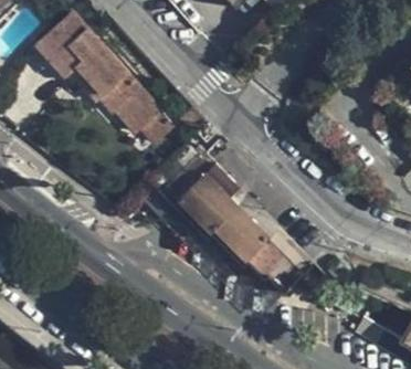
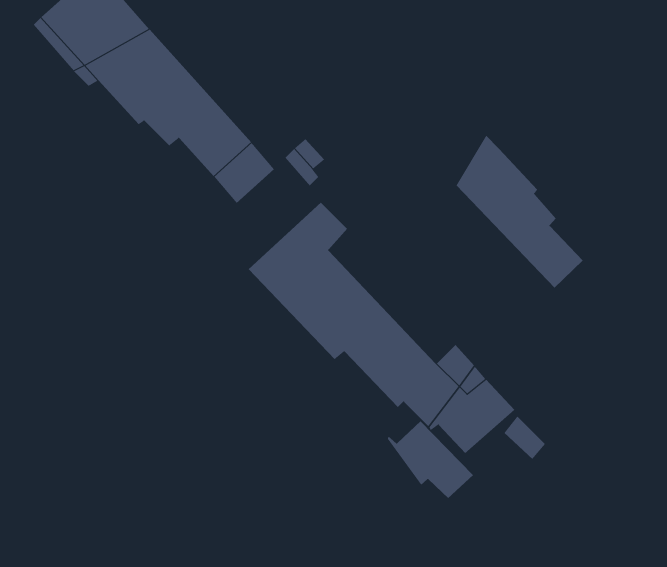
building: none -> [456,135,584,288]
building: none -> [387,421,474,499]

